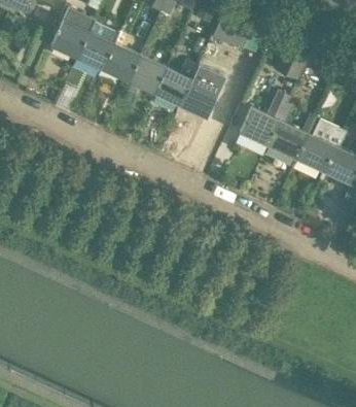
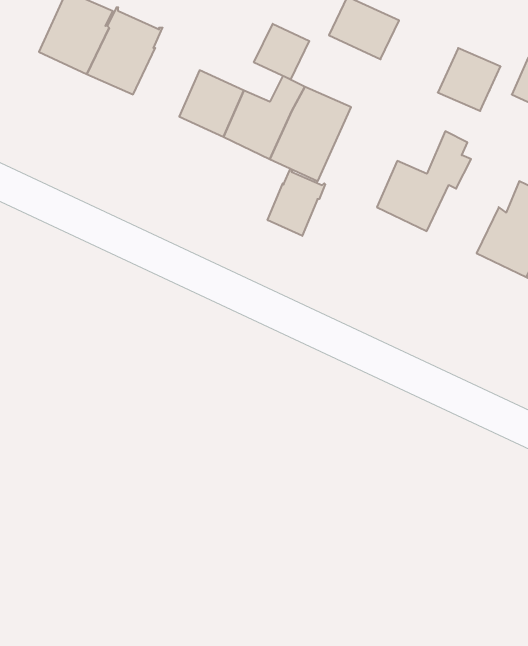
building: none -> [254,24,309,80]
building: [103,44,140,82] -> none
building: none -> [268,169,325,236]
building: [266,114,318,159] -> none

